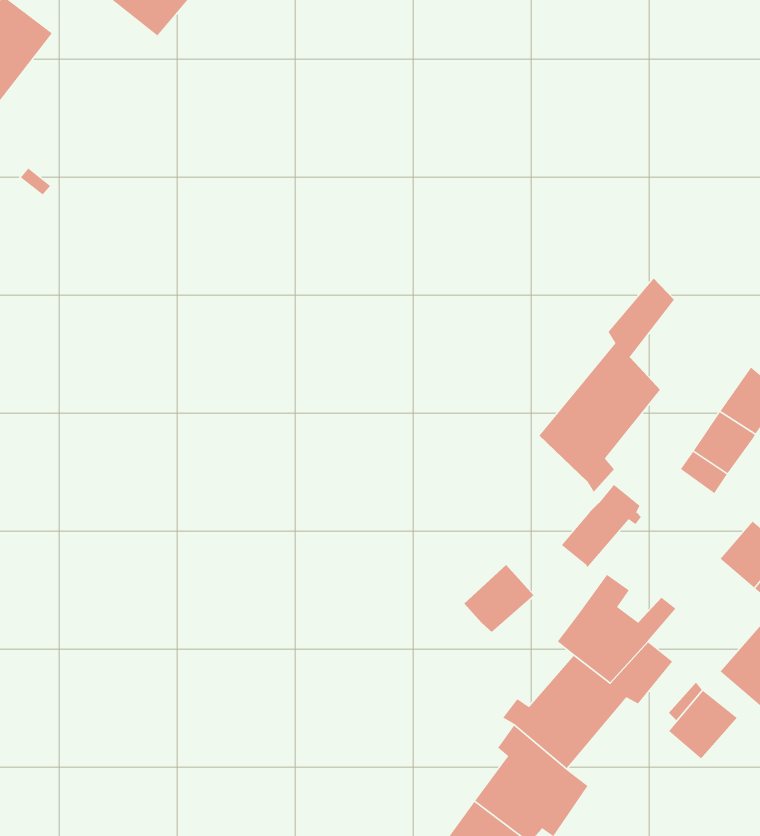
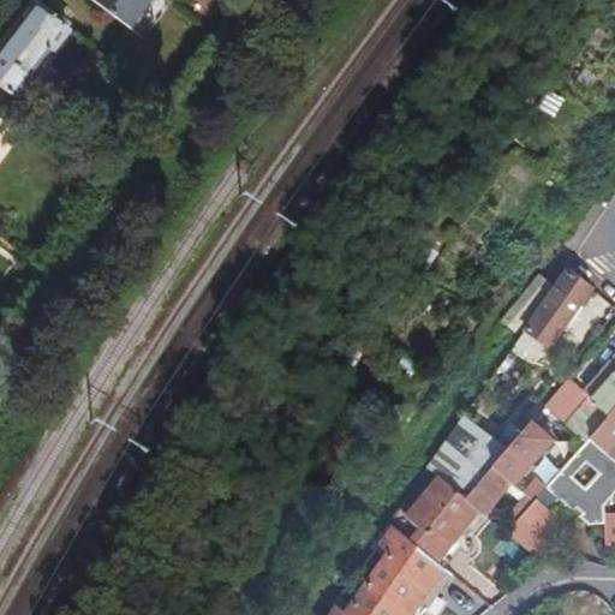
building: [538,278,675,493] -> none
building: [561,484,642,568] -> [495,422,554,483]
building: [464,564,535,633] -> none

